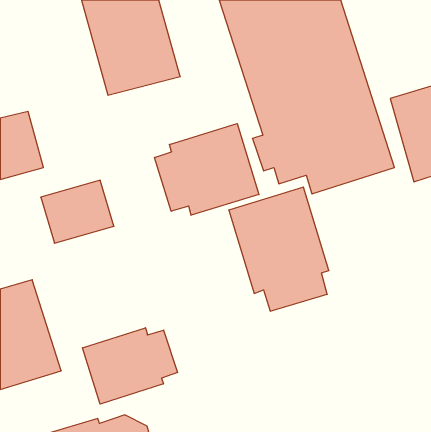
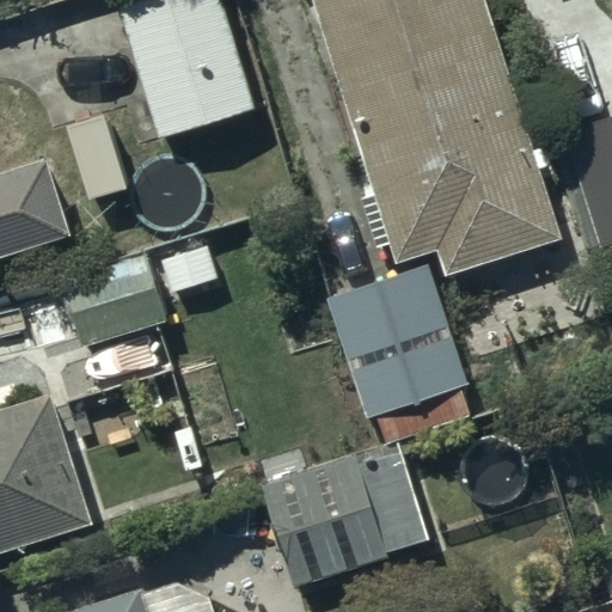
building: [155,124,259,215] -> none
building: none -> [263,447,429,587]
building: [82,328,177,404] -> none

